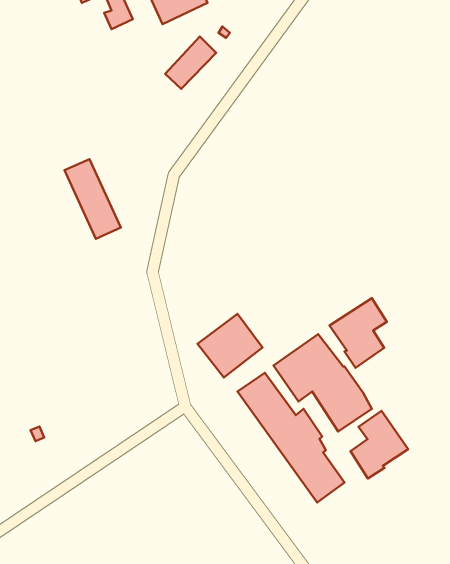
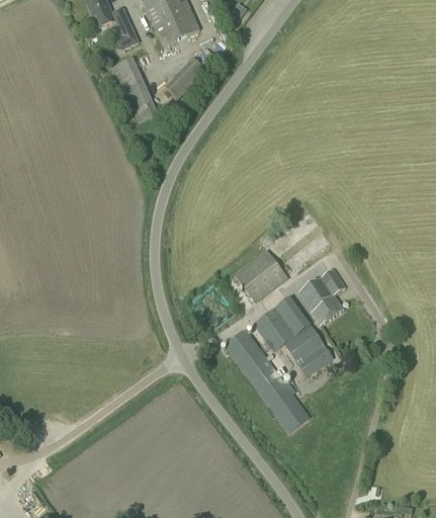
building: [65,159,121,239] -> [112,57,158,121]
building: [198,314,262,377] -> [234,250,286,301]
building: [350,411,408,478] -> none

